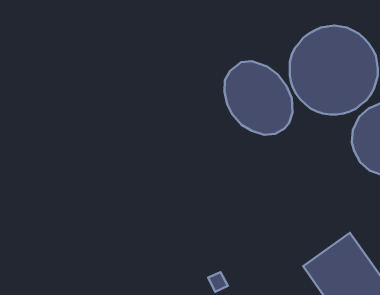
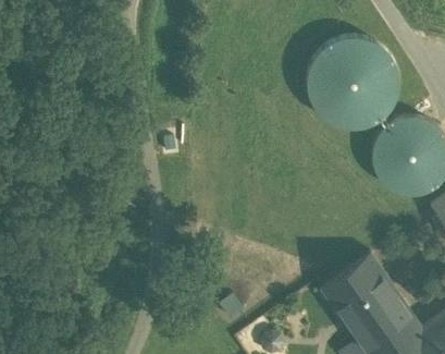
building: [225,61,293,135] -> none

